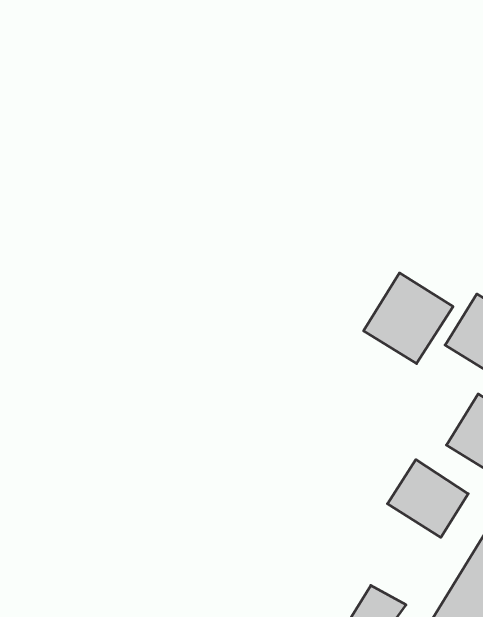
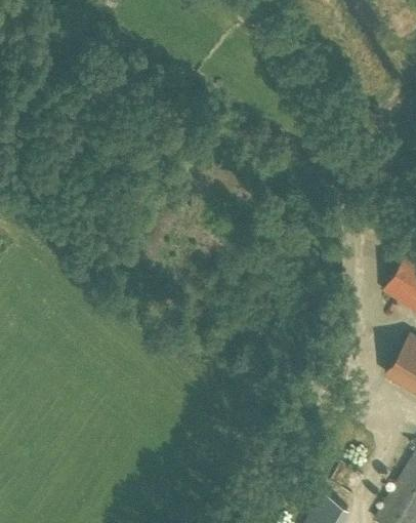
building: [364,273,453,364] -> none
building: [387,460,468,537] -> none

